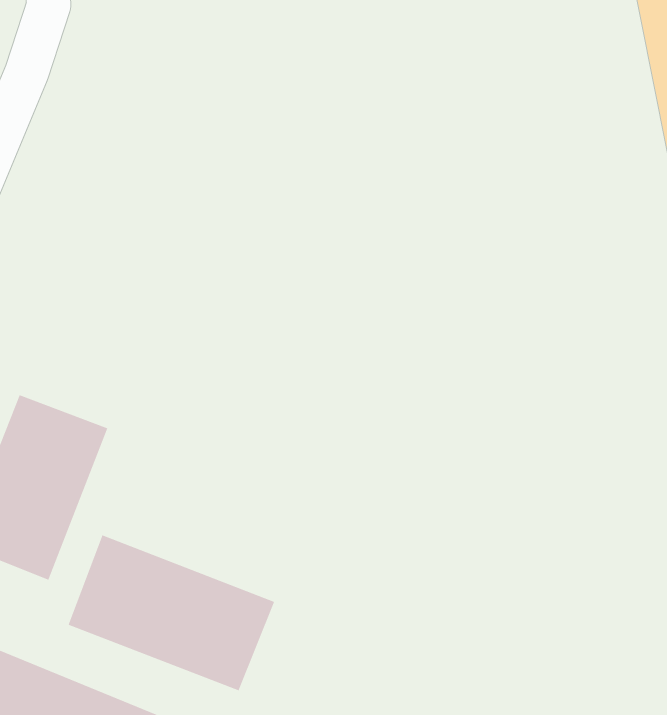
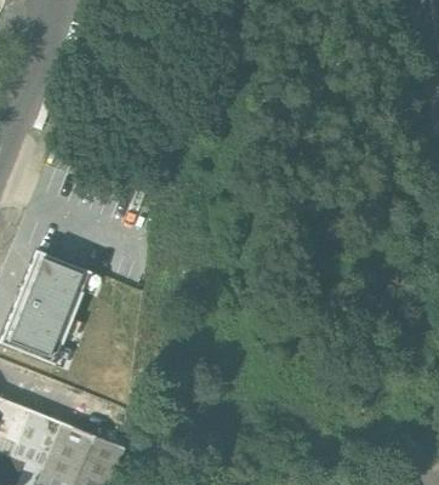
building: [68,534,275,691] -> none

